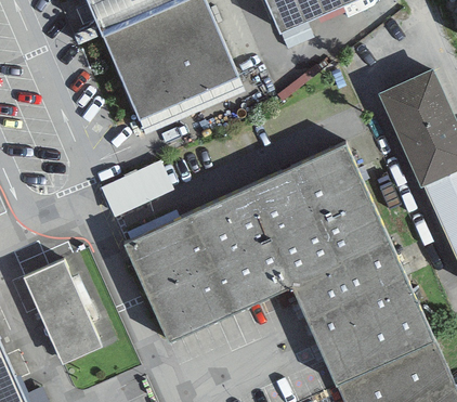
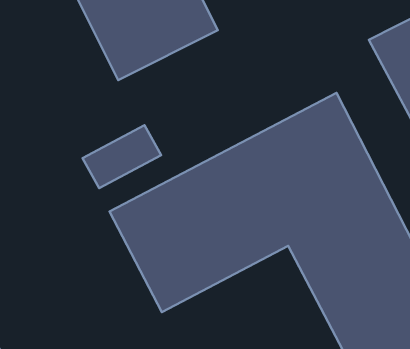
building: [23,259,103,365] -> none

